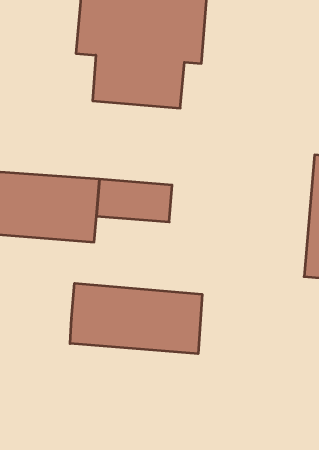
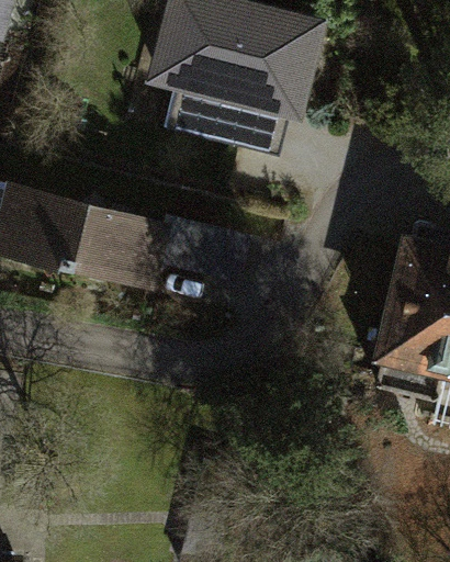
building: [70,283,202,354] -> none

